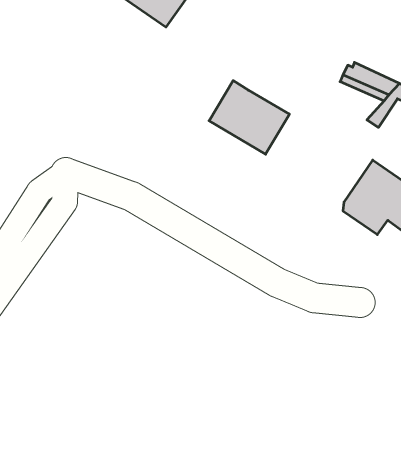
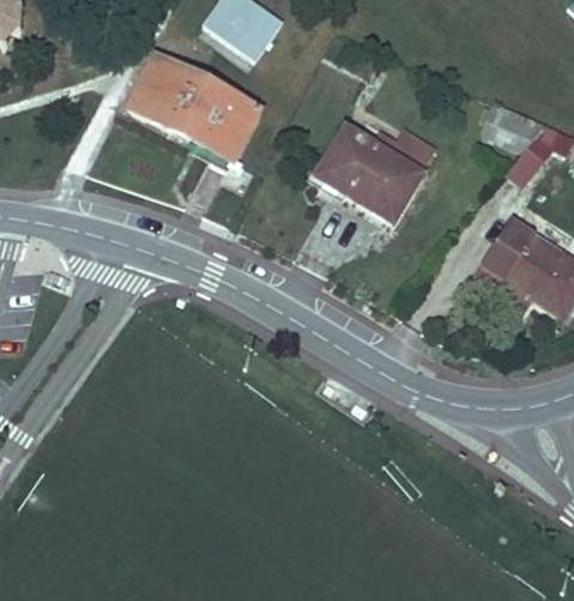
building: none -> [128,54,259,154]
building: none -> [364,126,428,167]

